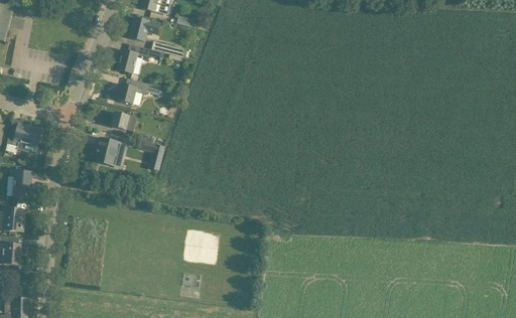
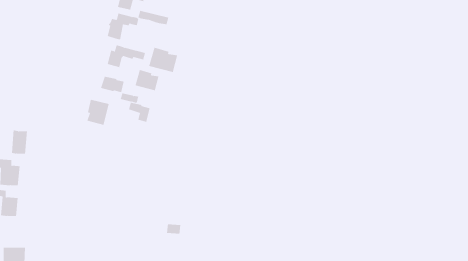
building: none -> [149,47,178,73]
building: none -> [135,69,159,91]
building: [7,123,41,153] -> none

